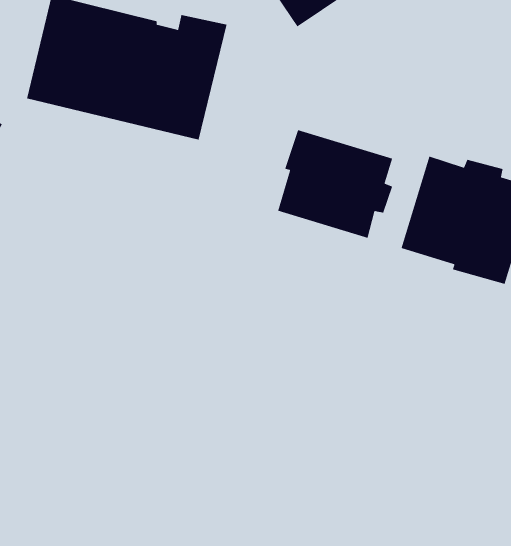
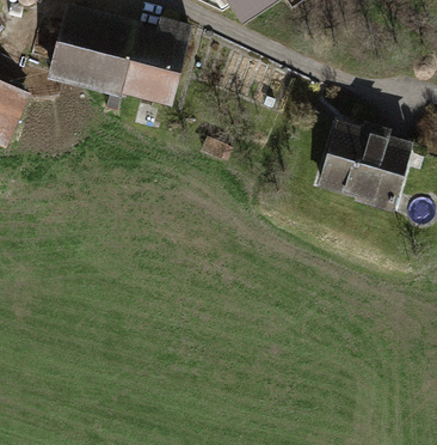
building: [277,129,393,239] -> none

